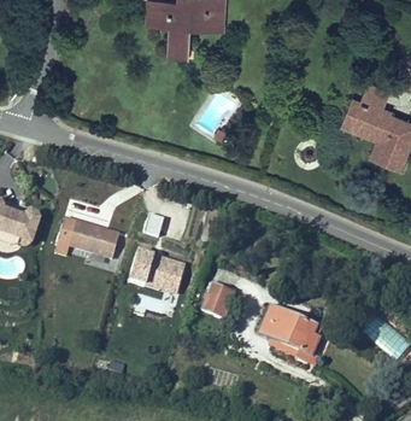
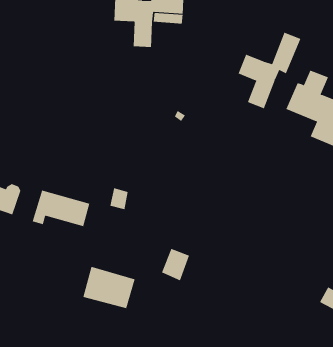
building: none -> [238,32,301,109]
building: [124,251,184,299] -> [82,266,135,309]
building: [256,306,327,368] -> none

